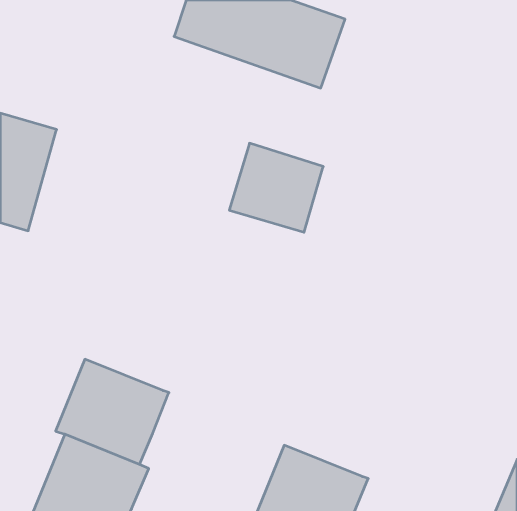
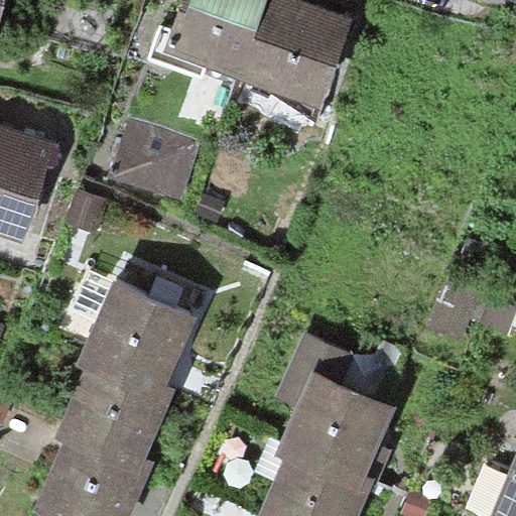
building: [229,143,323,232] -> [114,116,208,205]
building: none -> [80,285,194,395]
building: none -> [278,371,392,481]

